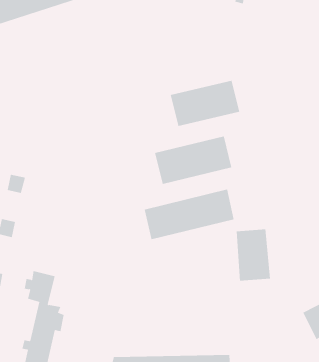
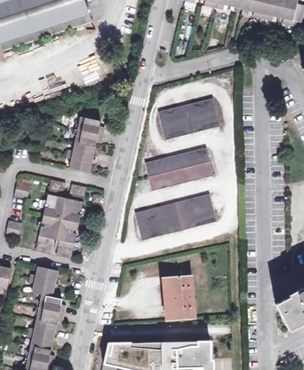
building: none -> [66,117,105,172]
building: none -> [36,179,87,257]
building: [236,229,271,281] -> [165,274,196,320]

